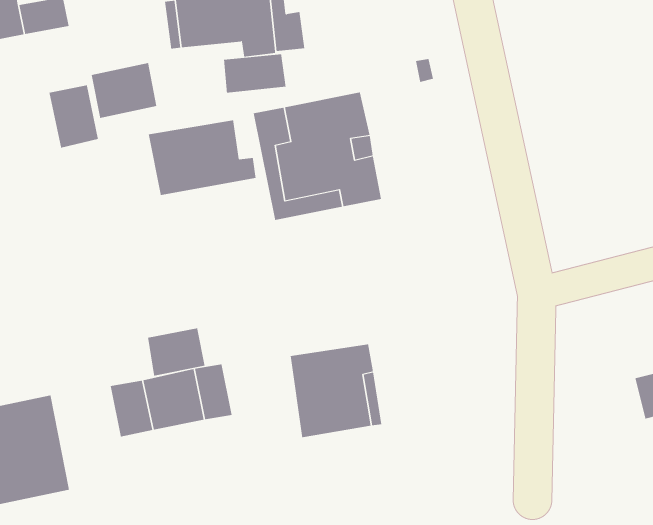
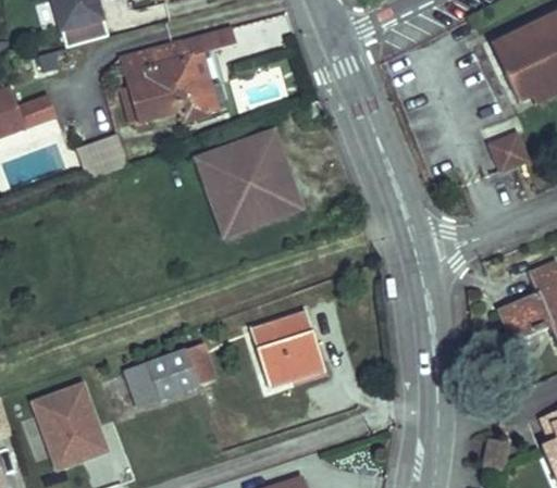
building: [223,53,286,94] -> none
building: [49,84,98,148] -> none
building: [148,120,256,196] -> none
building: [148,328,205,377] -> none

